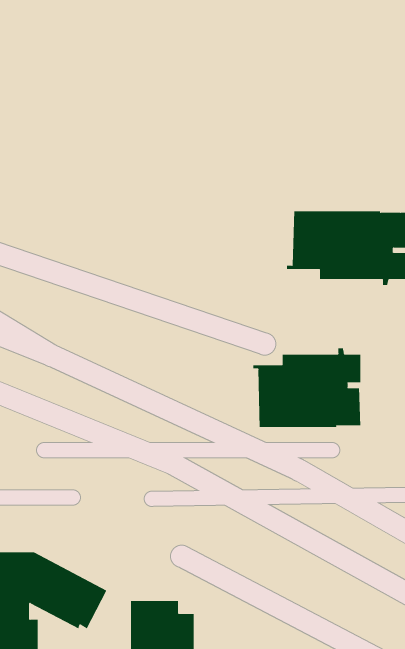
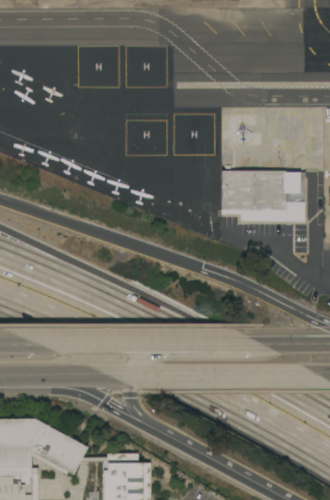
building: [253,348,361,428] -> none

